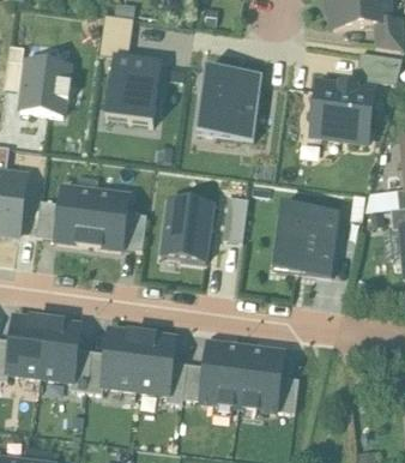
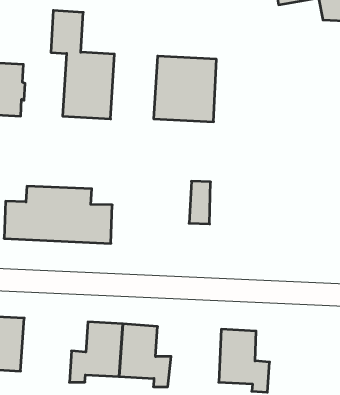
building: [308,84,376,145] -> none
building: [159,202,213,264] -> none
building: [273,205,339,279] -> none
building: [40,321,92,390] -> none
building: [186,345,244,405] -> none

